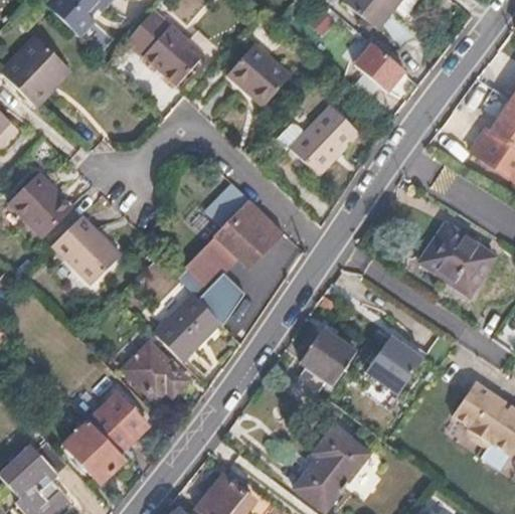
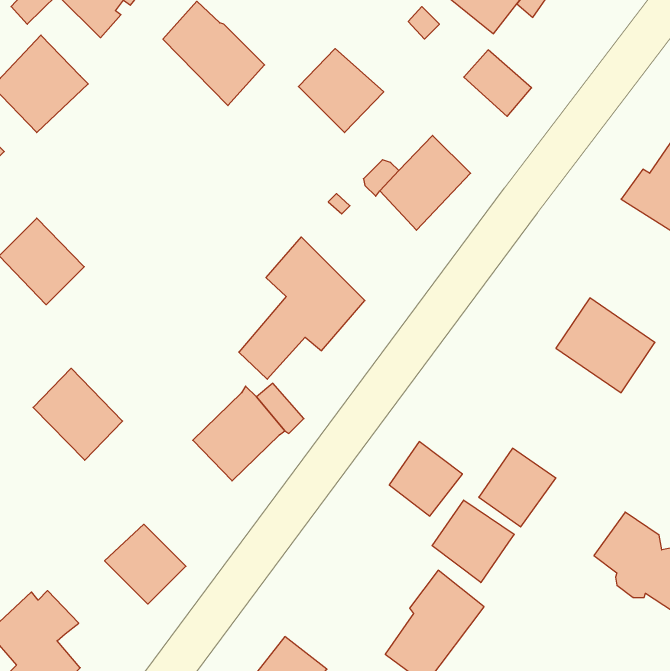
building: [52,212,119,281] -> [33,368,123,460]
building: [126,345,188,399] -> none
building: none -> [432,500,514,583]
building: [61,421,124,484] -> none

